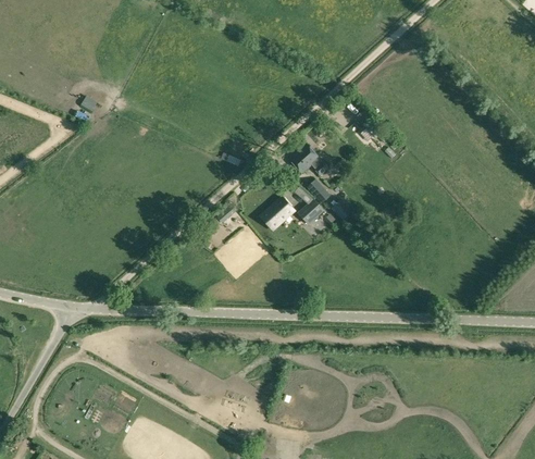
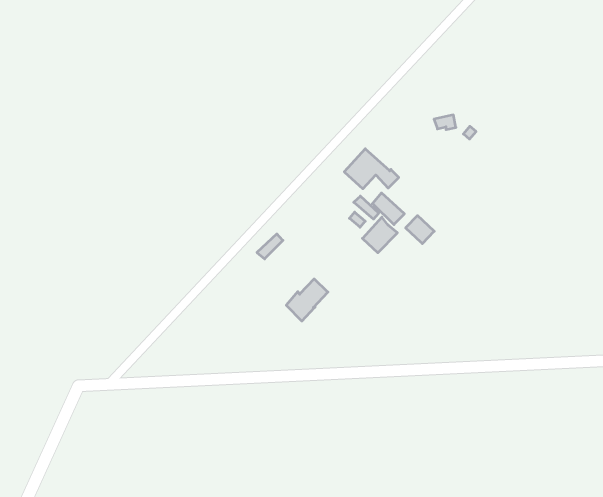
building: [261,199,294,231] -> [286,279,328,321]

